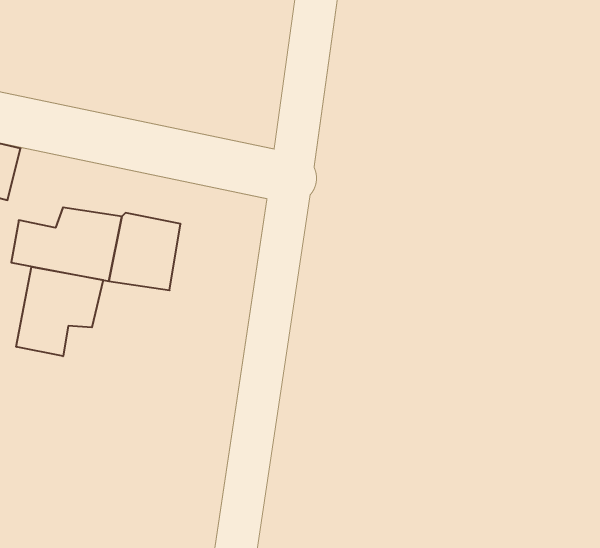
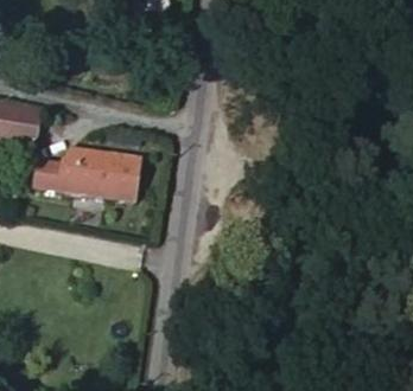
building: [16,267,103,356] -> none

